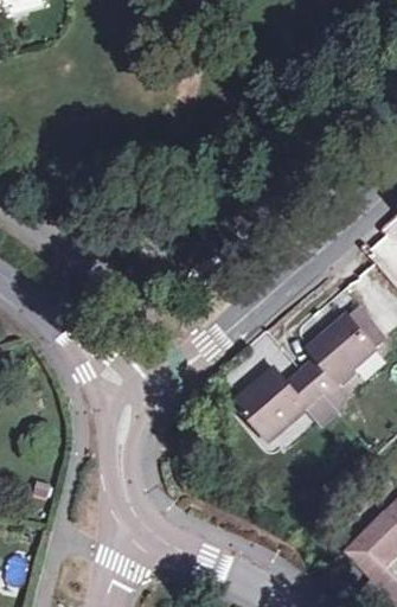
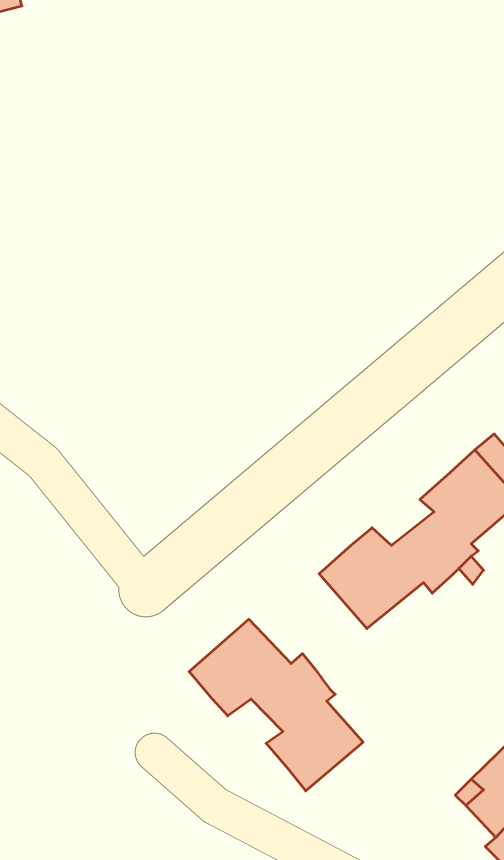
building: none -> [189,619,363,791]

